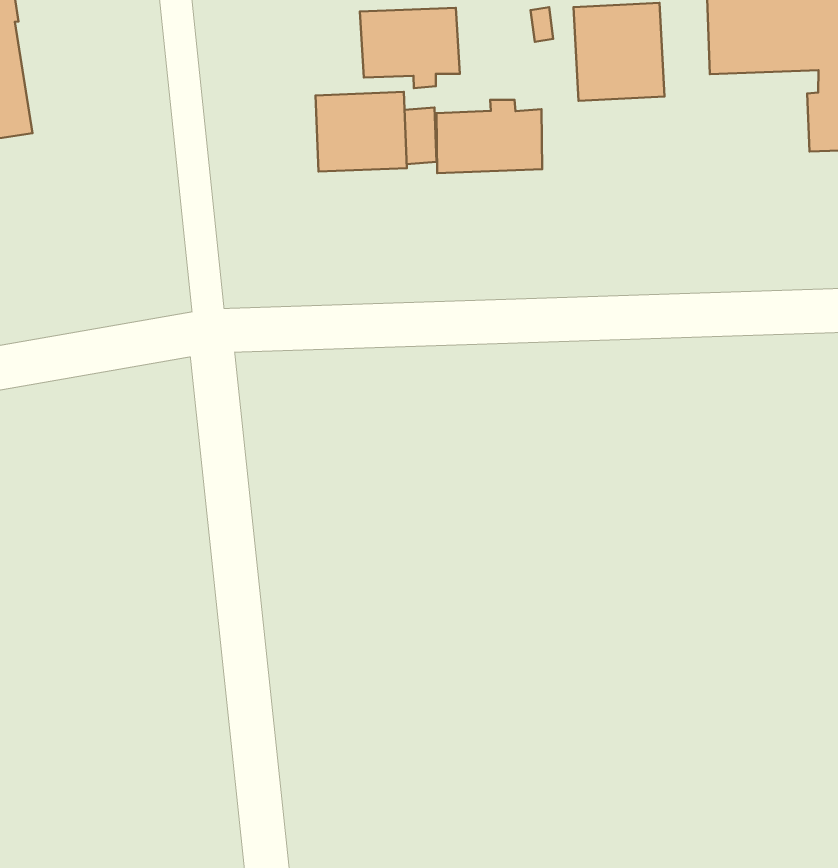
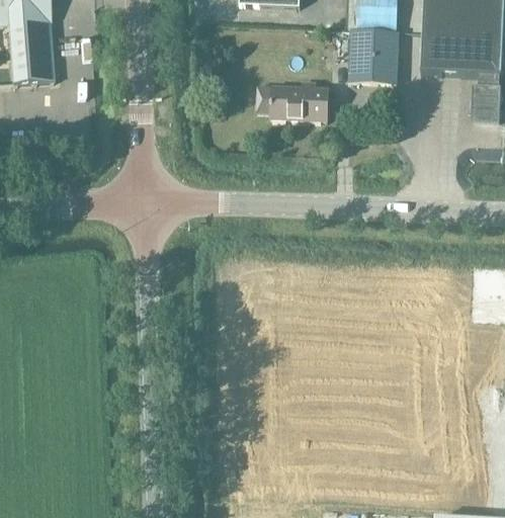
building: [360,8,460,88] -> none
building: [315,92,407,172] -> none

